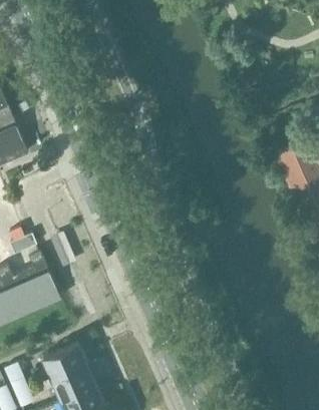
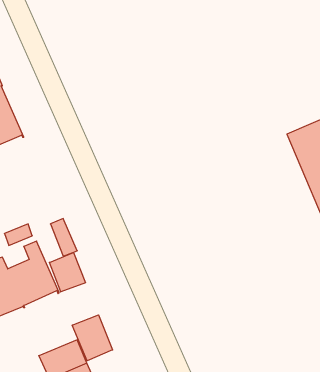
building: none -> [49,253,85,292]
building: none -> [72,315,113,361]

